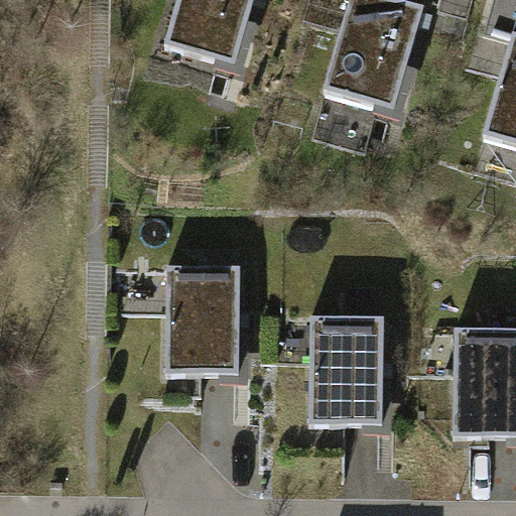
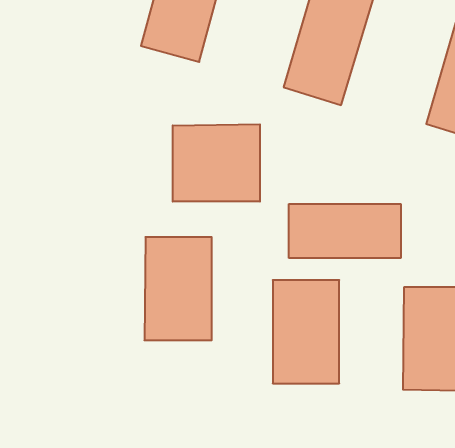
building: none -> [173,124,260,202]
building: none -> [289,204,401,258]

